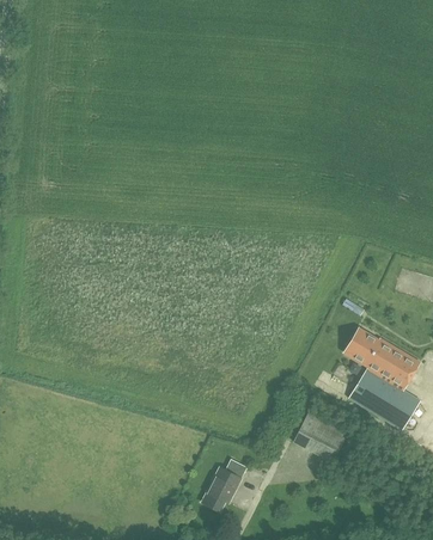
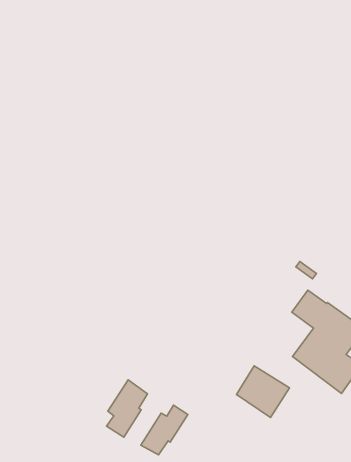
building: none -> [107,380,148,437]

